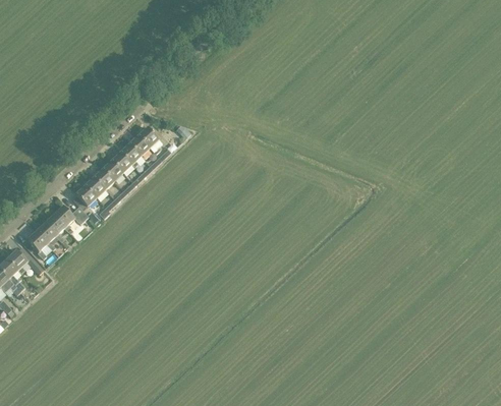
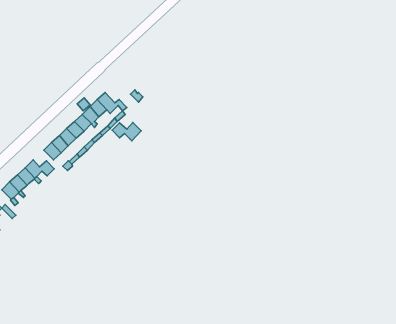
building: none -> [112,122,141,141]

